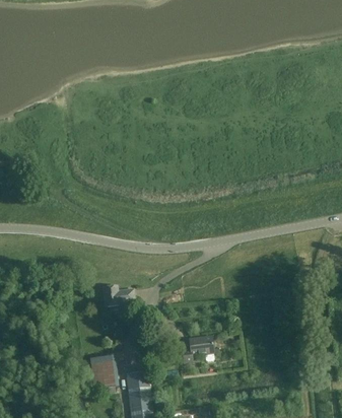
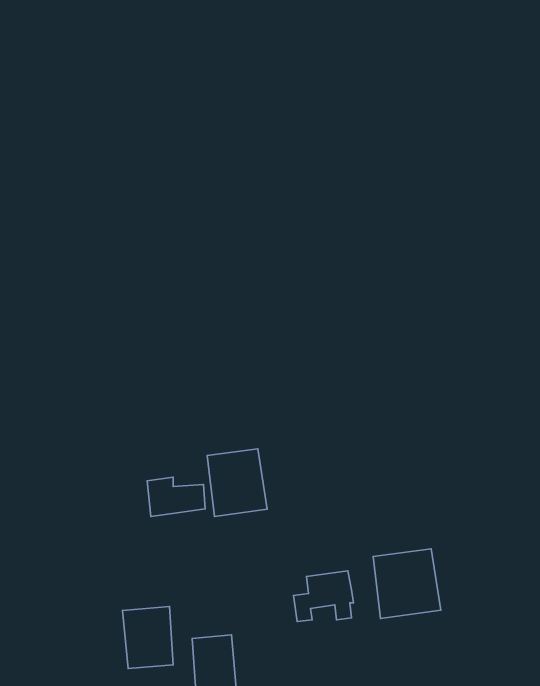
building: none -> [207,449,267,517]
building: none -> [373,549,441,618]

